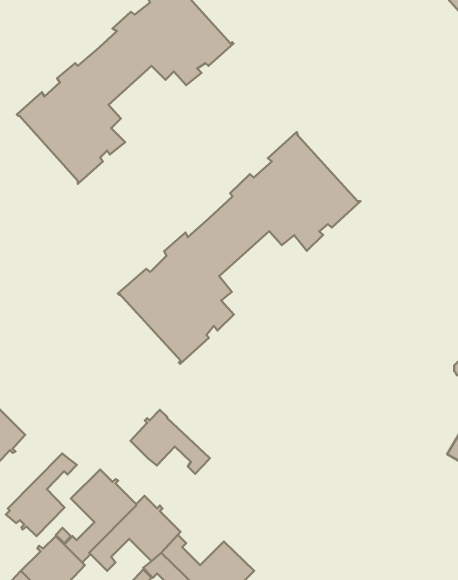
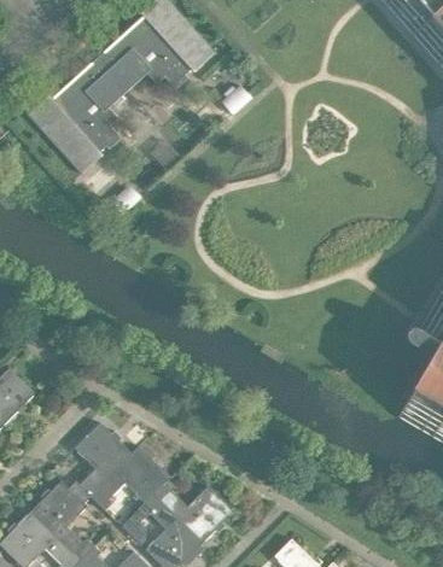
building: [118,132,361,364] -> none
building: [130,410,210,474] -> none
building: [6,453,77,536] -> none

